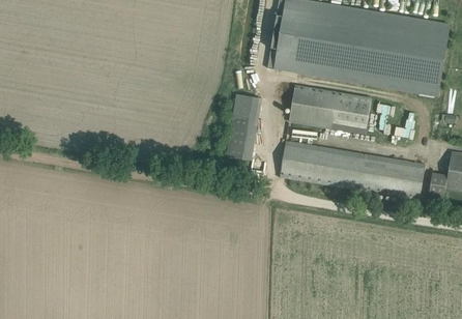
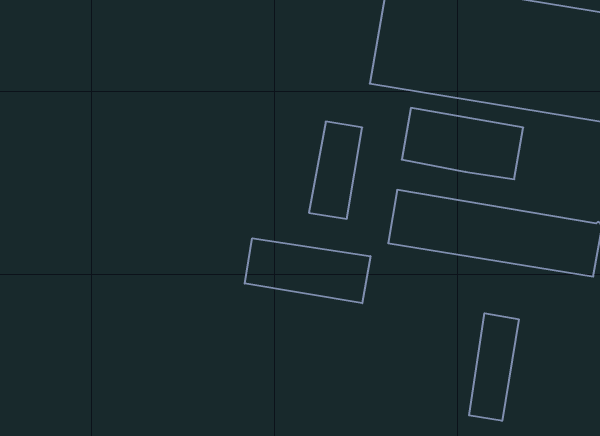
building: none -> [245,238,370,303]
building: none -> [469,313,519,421]

